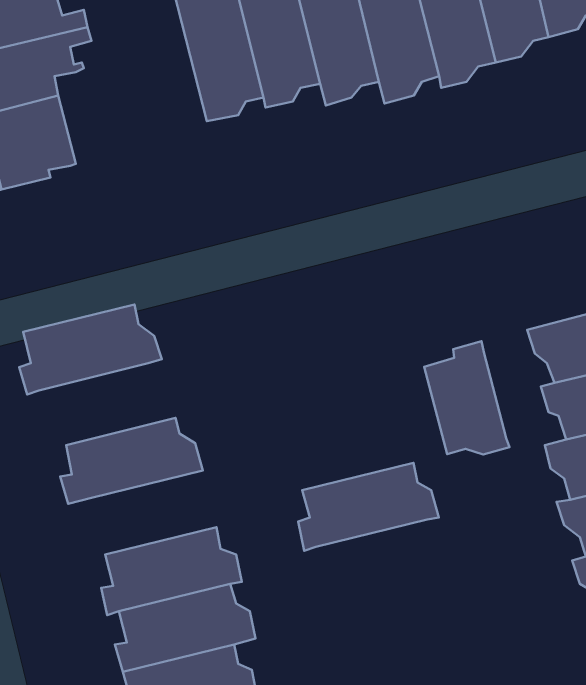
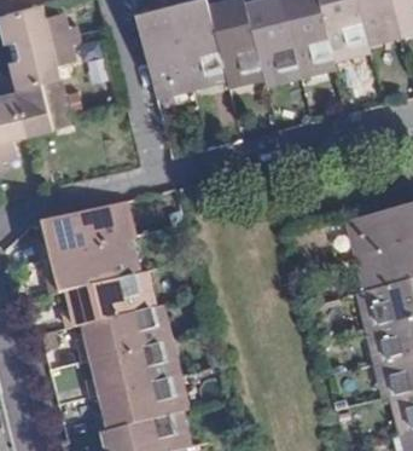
building: [424,341,509,454] -> none
building: none -> [46,241,134,295]
building: [298,463,439,551] -> [80,307,167,362]

